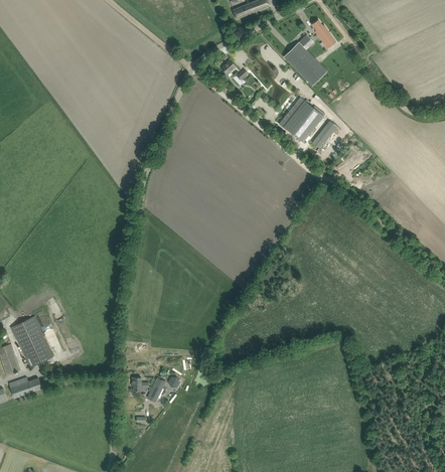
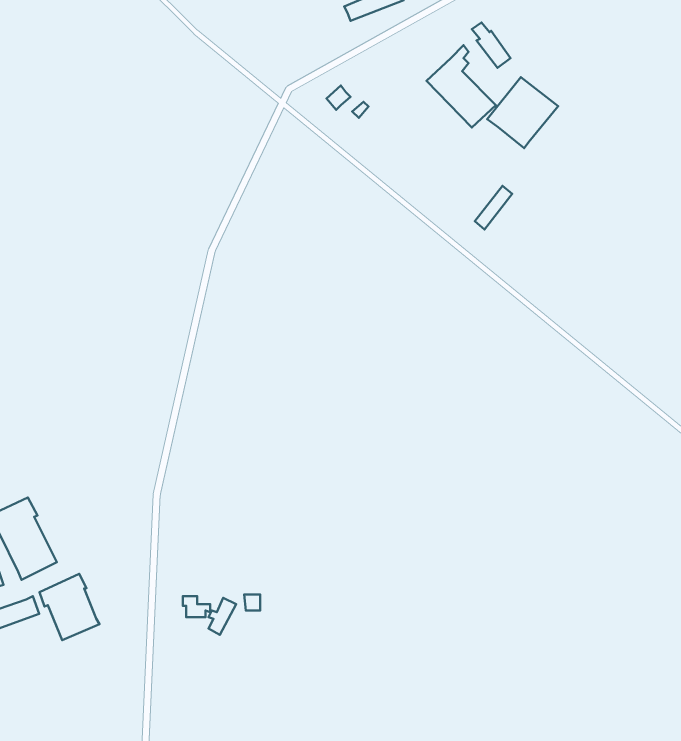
building: [279,97,323,141] -> [487,77,558,148]
building: none -> [40,574,99,640]

